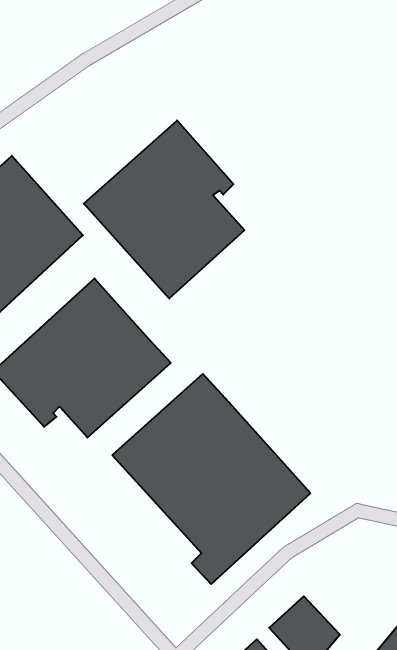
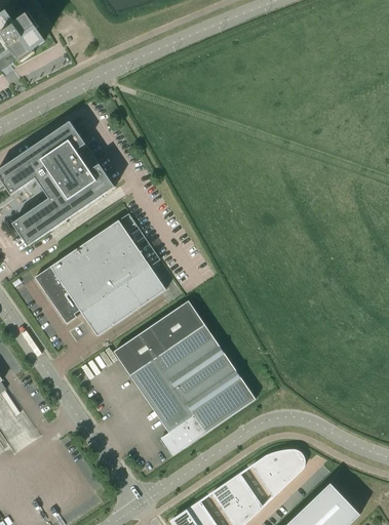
building: [84,120,244,299] -> none
building: none -> [250,450,304,496]

